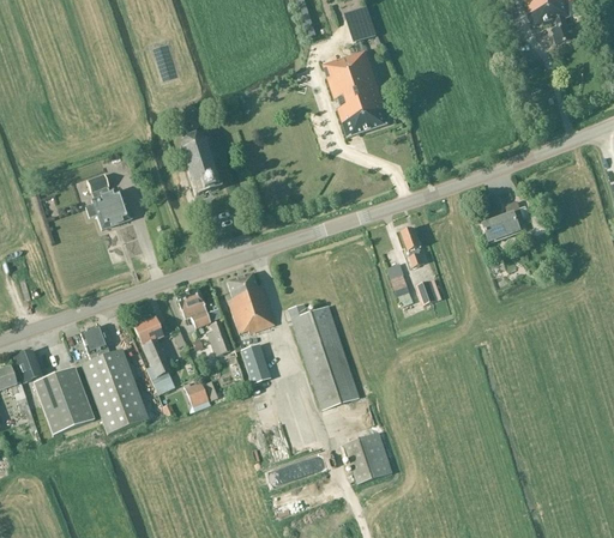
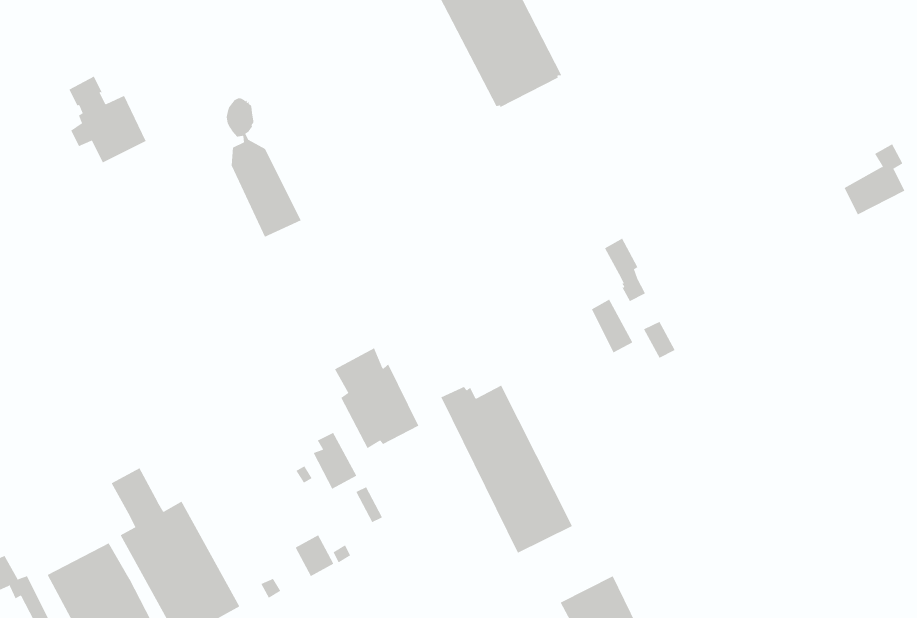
building: [84,175,130,229] -> [69,76,147,163]
building: [482,200,520,241] -> [844,144,905,215]
building: [175,288,210,327] -> none
building: [133,316,175,394] -> none
building: [240,343,270,385] -> none
building: [13,350,42,382] -> none

